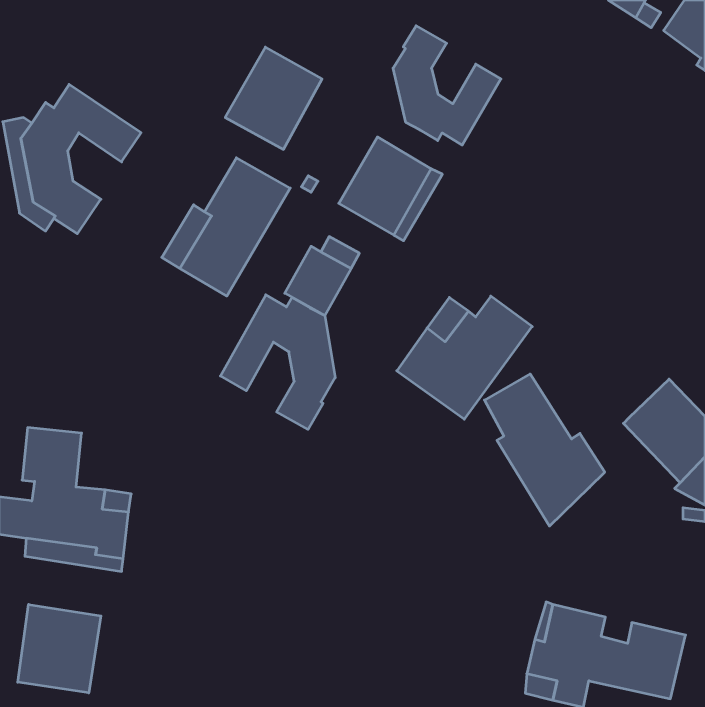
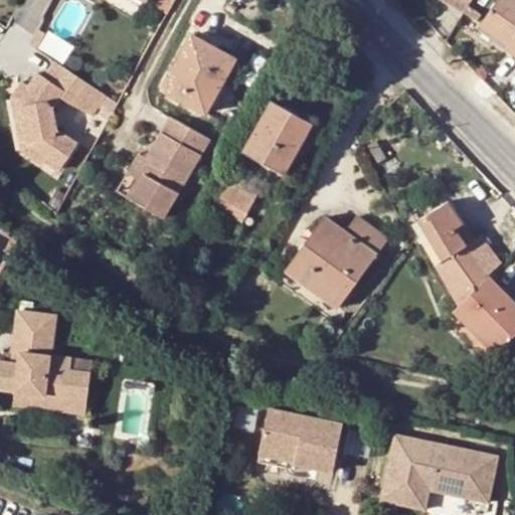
building: [393,26,501,145] -> none
building: [220,295,335,429] -> none
building: [484,374,605,526] -> [410,193,498,304]
building: none -> [263,409,347,473]
building: [18,604,101,693] -> none

